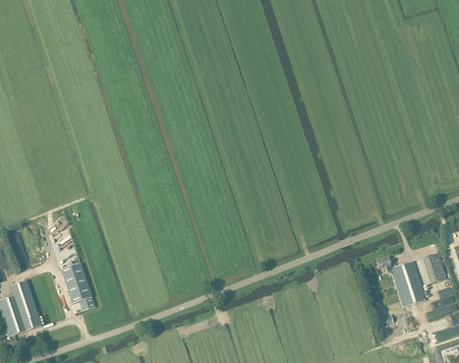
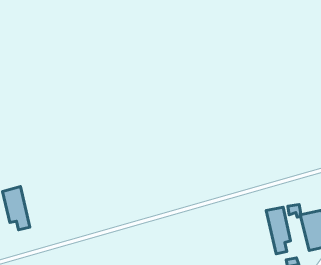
building: none -> [266,207,291,254]

